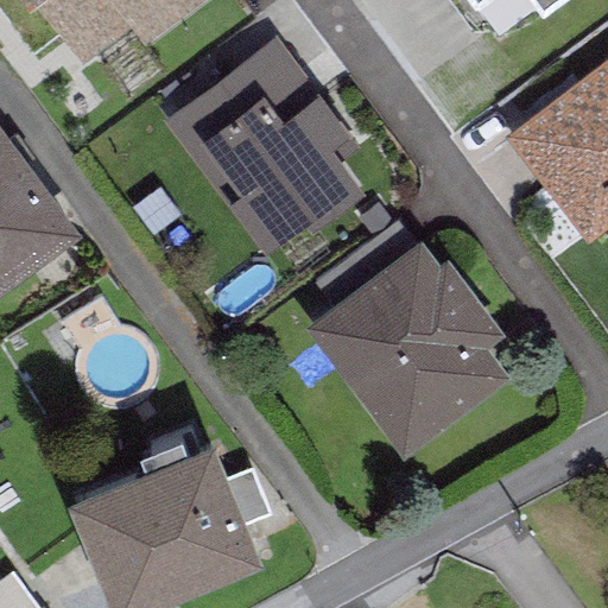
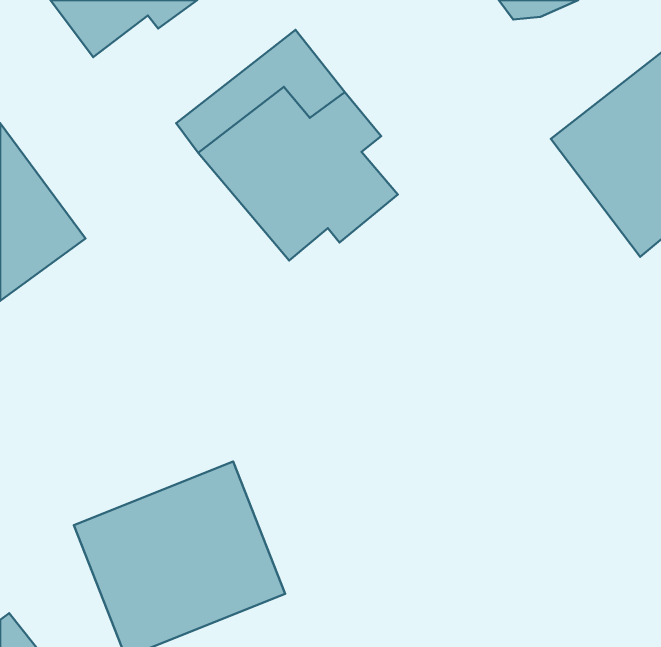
building: [304,240,511,458] -> none

